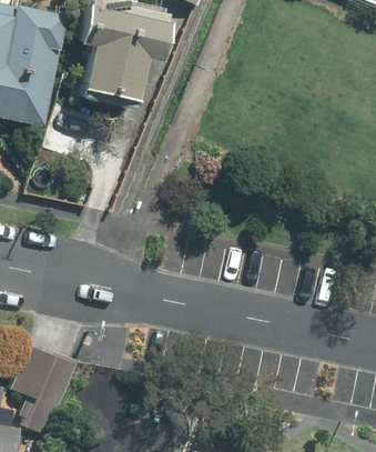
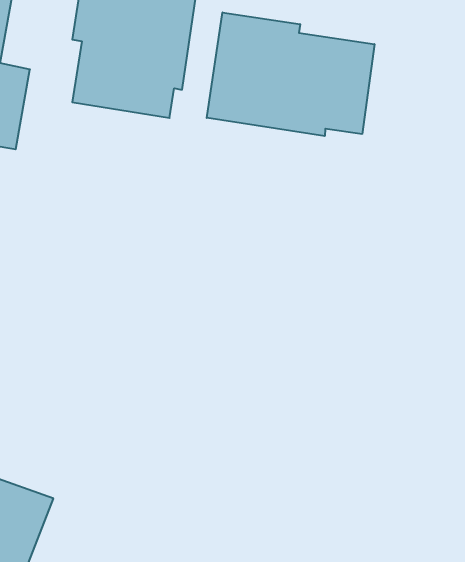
building: none -> [207,12,374,136]

